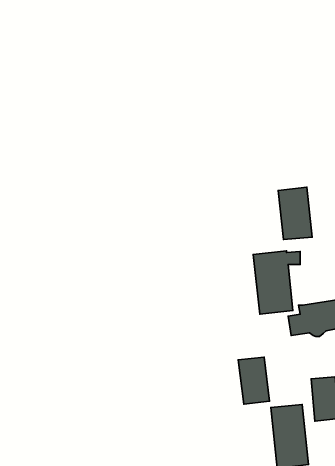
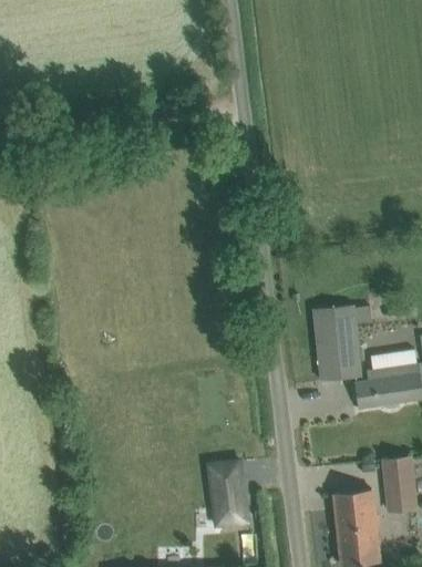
building: [278,187,312,240] -> none
building: [238,357,270,404] -> [208,461,246,517]

